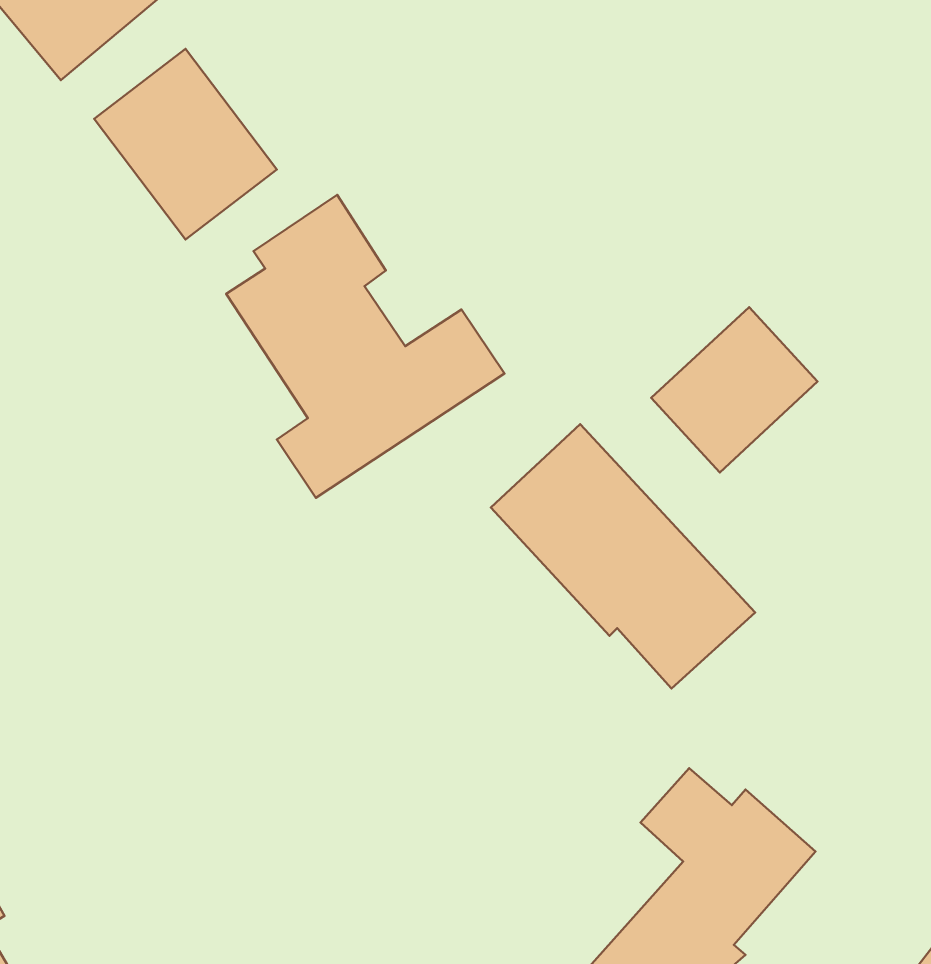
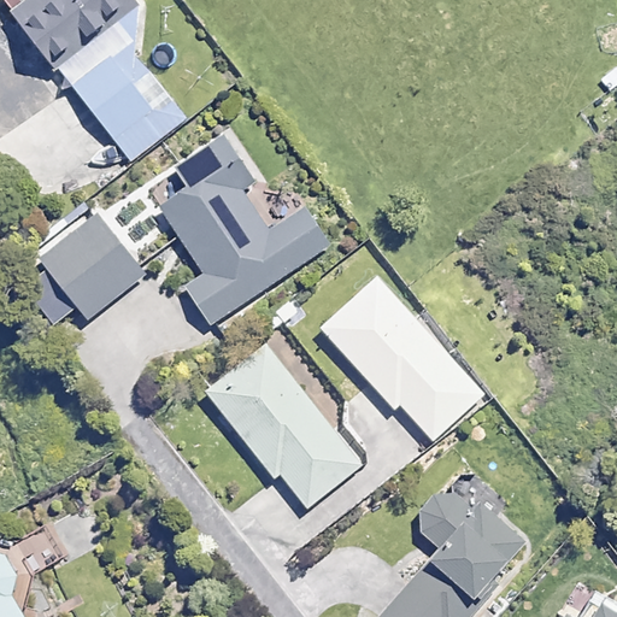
building: [651,307,818,472] -> none
building: none -> [36,213,145,322]
building: none -> [205,345,360,507]

